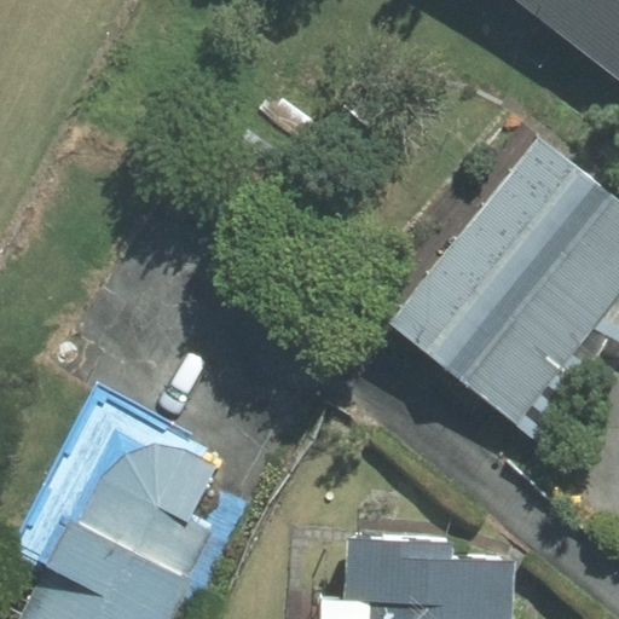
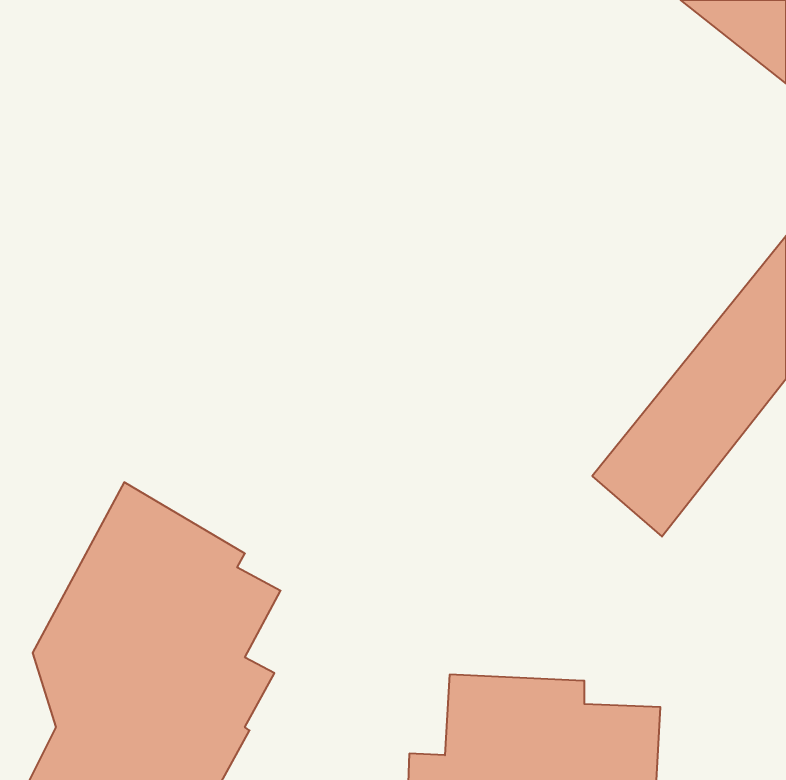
building: [393,135,601,368] -> none

